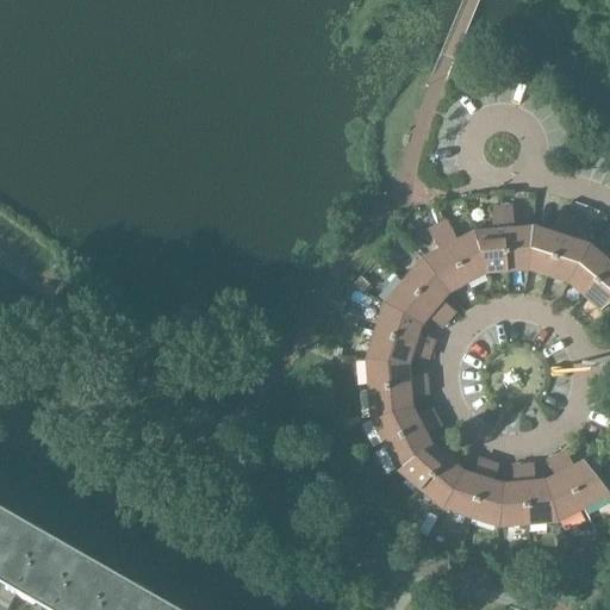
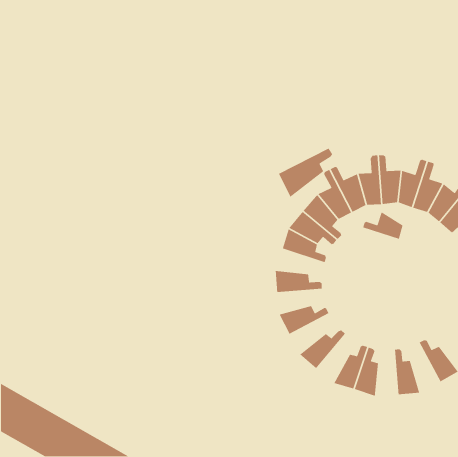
building: none -> [278,148,333,198]
building: none -> [362,211,404,240]
building: [366,330,432,363] -> none
building: [368,384,430,417] -> none
building: [385,416,442,471] -> none
building: [421,443,466,509] -> none
building: [546,454,585,522] -> none
building: [499,463,529,527] -> none

